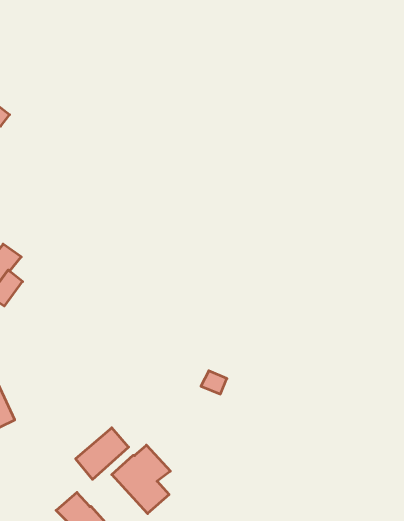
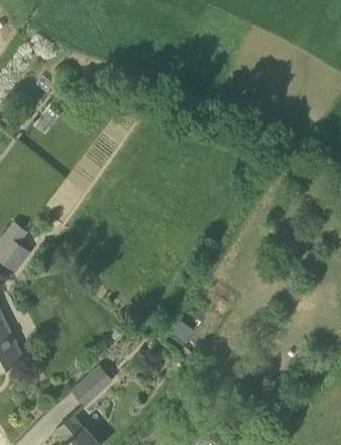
building: [112,445,170,514] -> none

